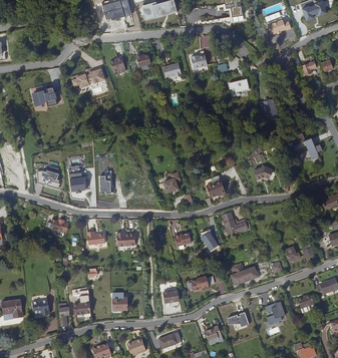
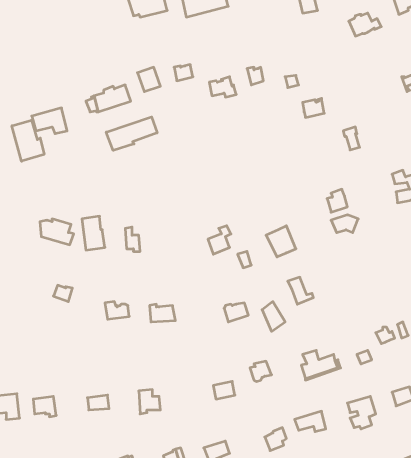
building: none -> [106,117,157,150]
building: none -> [12,120,44,161]

